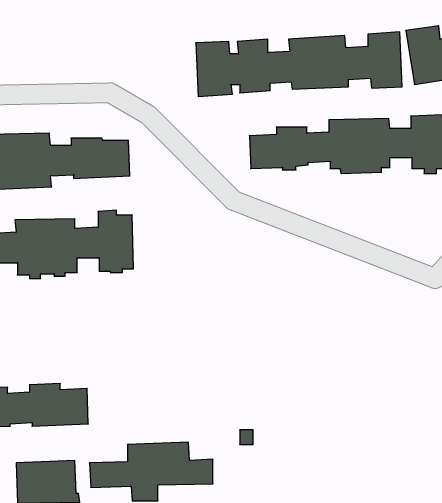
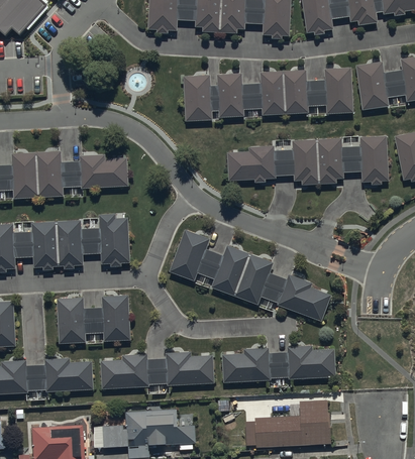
building: none -> [169,231,331,323]
building: none -> [57,296,130,343]
building: none -> [223,347,337,383]
building: none -> [101,353,214,389]
building: none -> [245,396,331,444]

